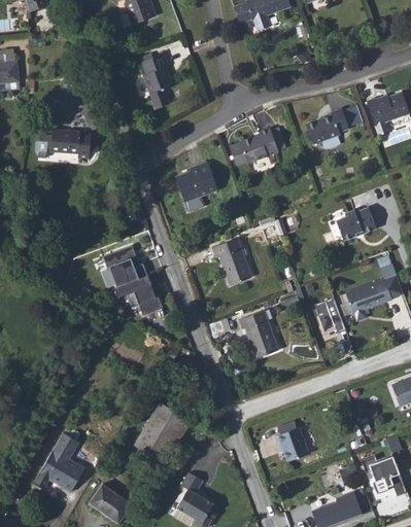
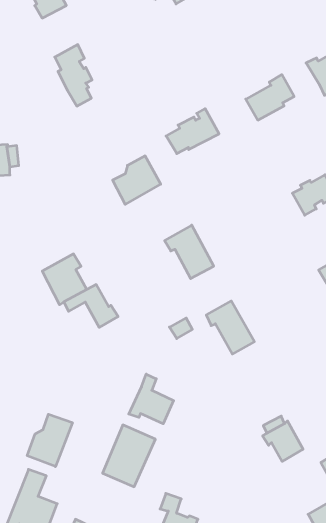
building: [315,297,345,332] -> none
building: none -> [129,374,174,424]
building: none -> [27,414,72,467]

